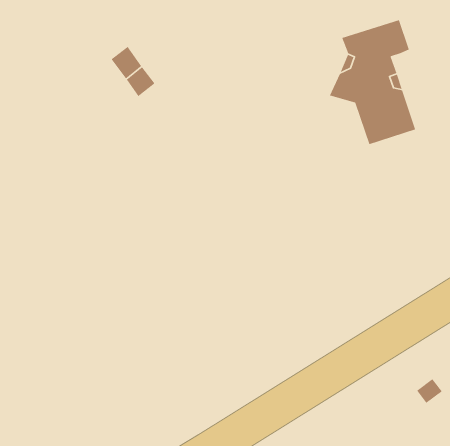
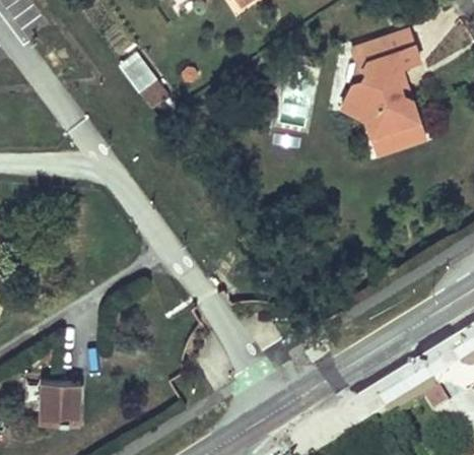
building: none -> [40,382,78,421]

